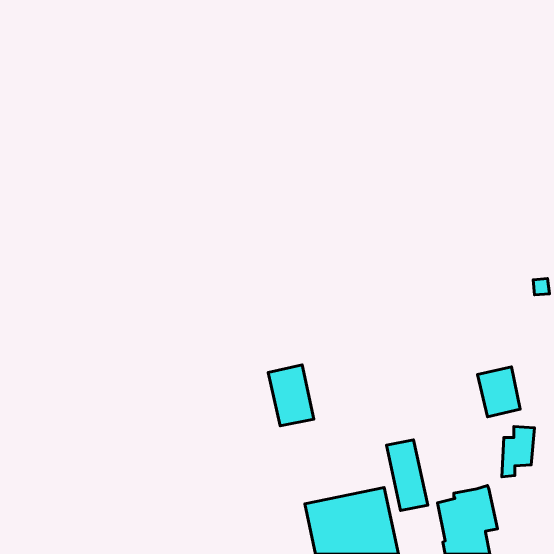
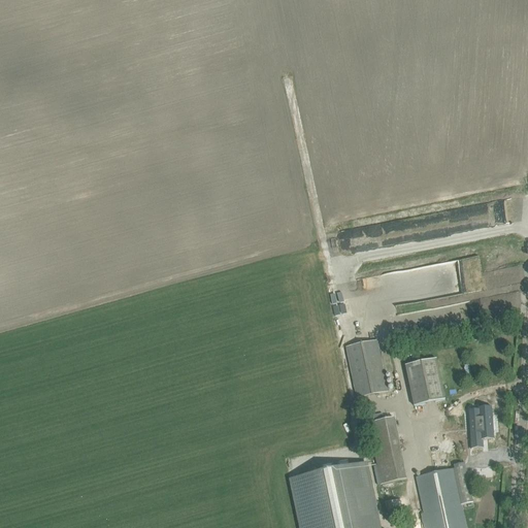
building: [268,365,314,426] -> [343,339,387,397]
building: [478,367,520,417] -> [403,358,443,405]

